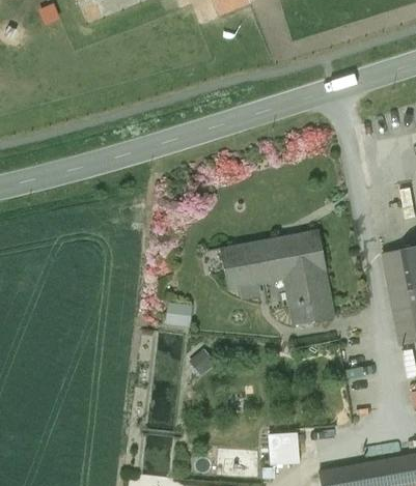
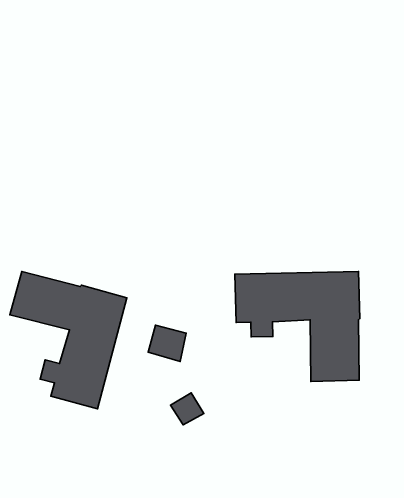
building: none -> [10,271,127,409]

